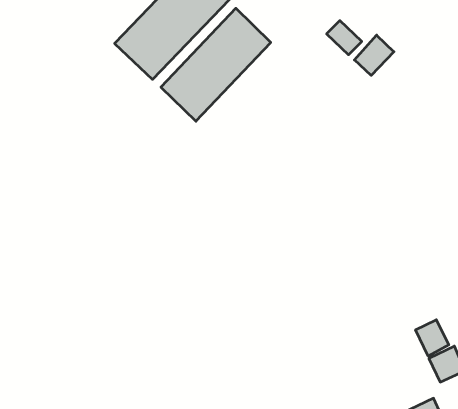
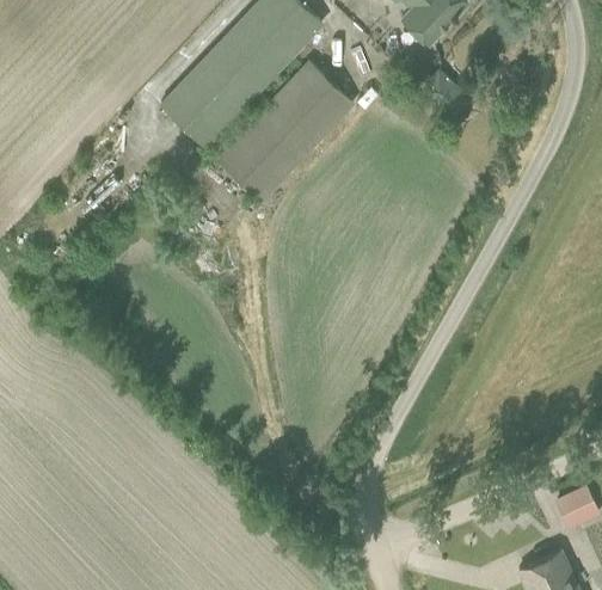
building: [354,35,394,75] -> none
building: [416,320,449,356] -> none

